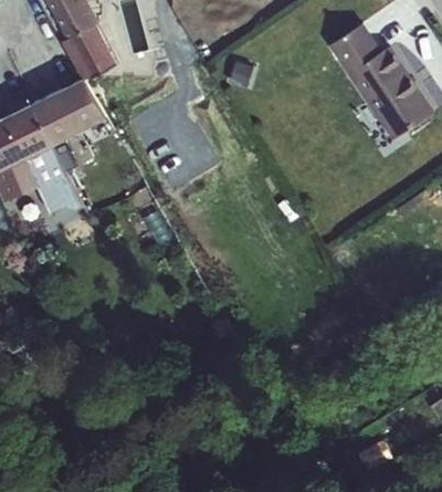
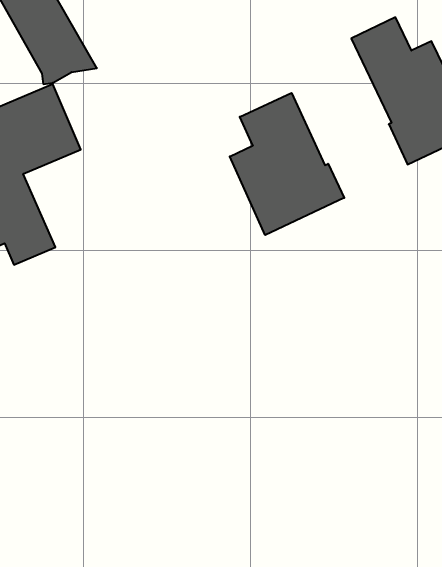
building: none -> [230,93,344,235]

